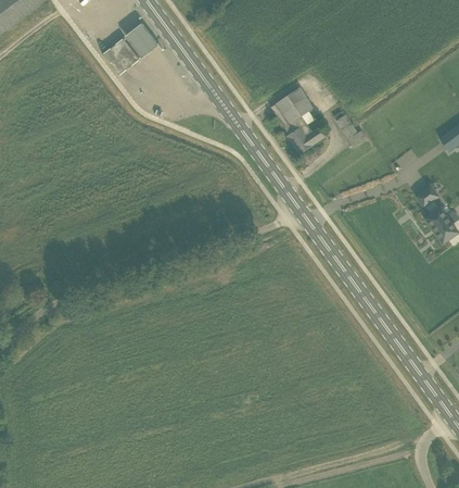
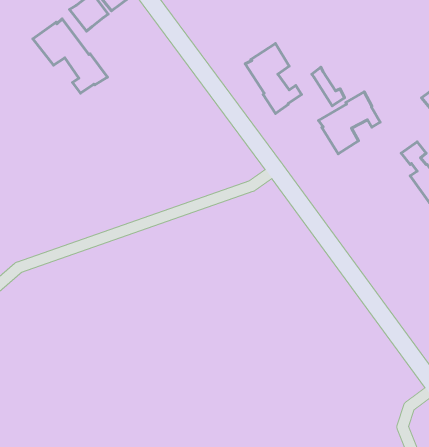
building: none -> [33,19,108,93]
building: none -> [318,92,380,154]

